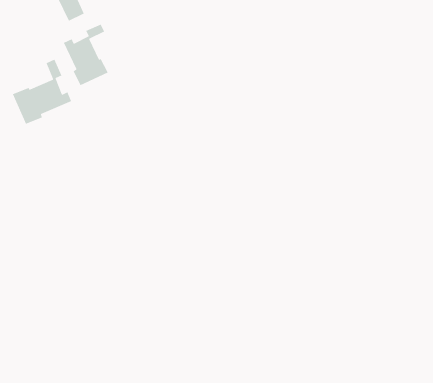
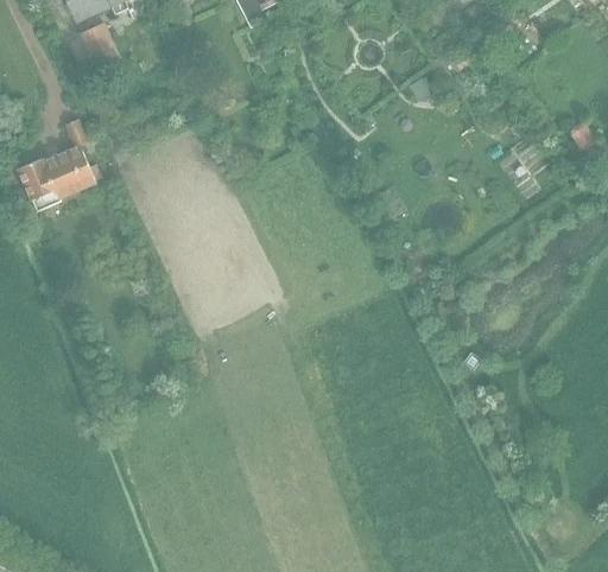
building: [63,23,109,86] -> none

